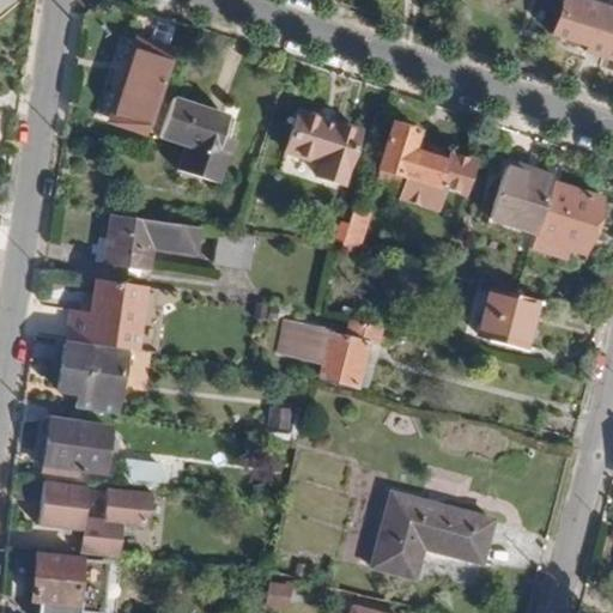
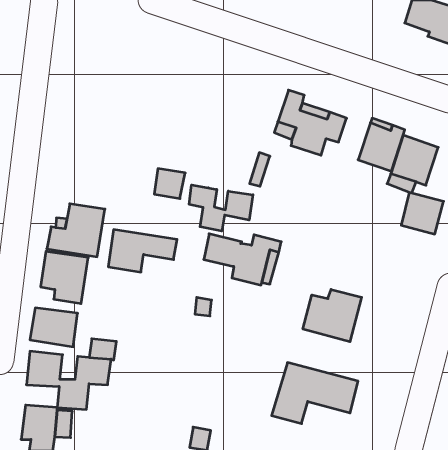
building: [108,42,168,145] -> none
building: [160,98,232,183] -> none
building: [287,113,358,182] -> none
building: [105,214,199,272] -> [108,230,177,272]
building: none -> [189,185,253,231]
building: [479,287,536,344] -> [401,193,444,234]
building: none -> [303,289,362,342]

